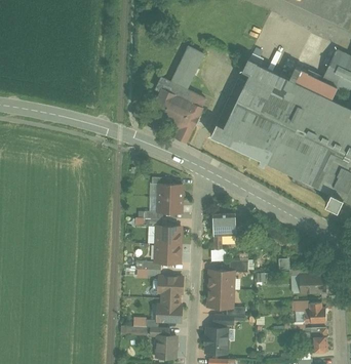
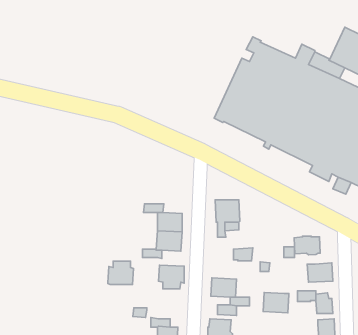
building: [147,46,204,134] -> none
building: [157,184,182,213] -> none
building: none -> [294,236,320,255]
building: [208,271,233,290] -> [263,292,289,313]
building: [156,299,181,322] -> [108,261,134,285]

